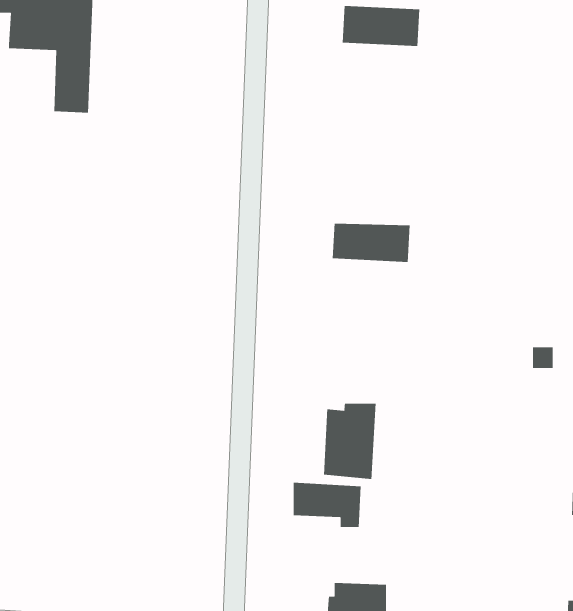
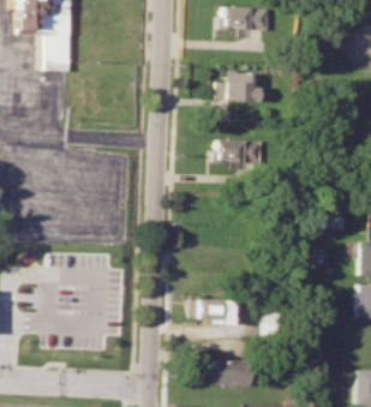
building: none -> [216,71,259,102]
building: [323,403,376,480] -> none

